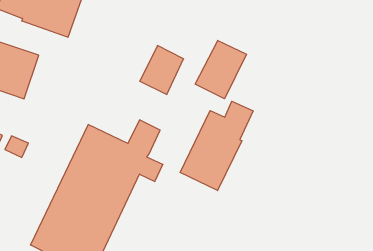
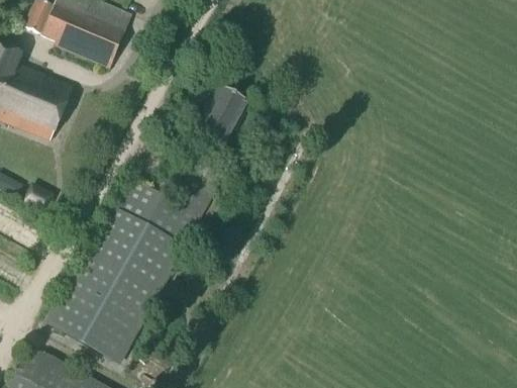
building: [195,40,246,99] -> none
building: [180,101,253,191] -> none

